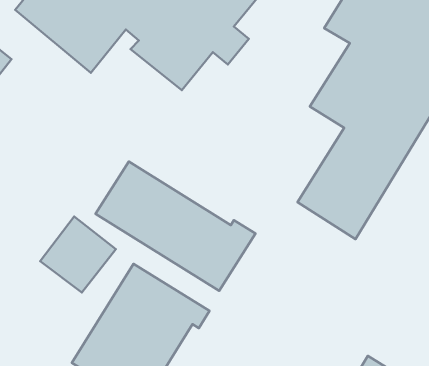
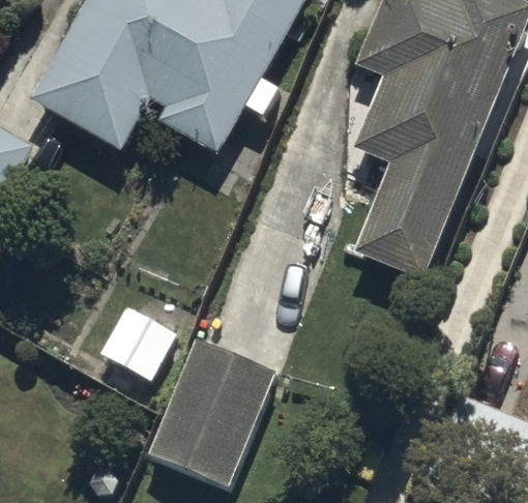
building: [95,161,255,291] -> none

